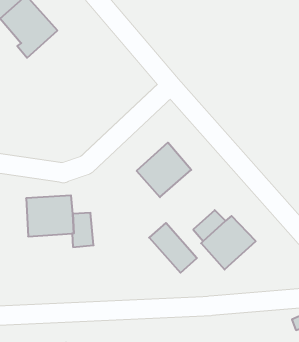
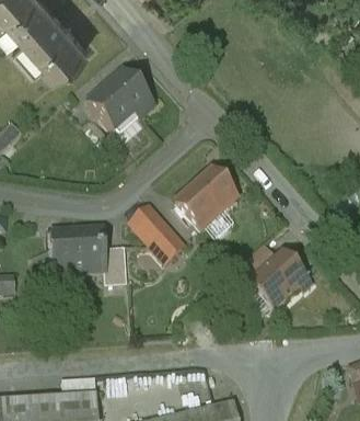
building: none -> [88,75,154,136]
building: [149,223,197,273] -> [130,212,184,268]

